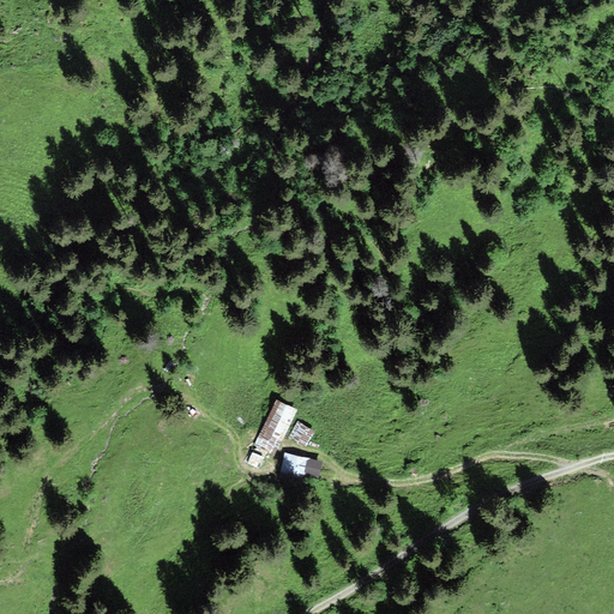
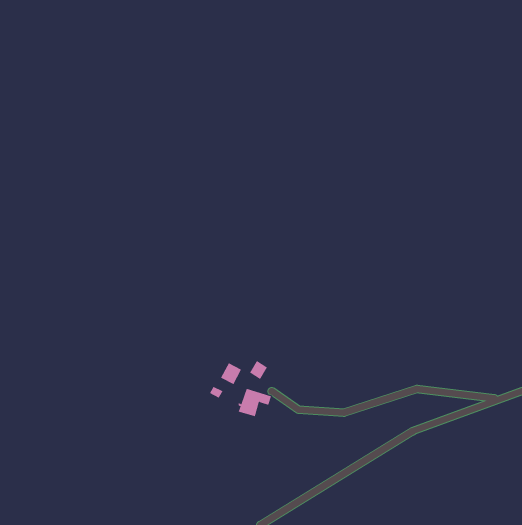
building: [266,398,296,431] -> none

